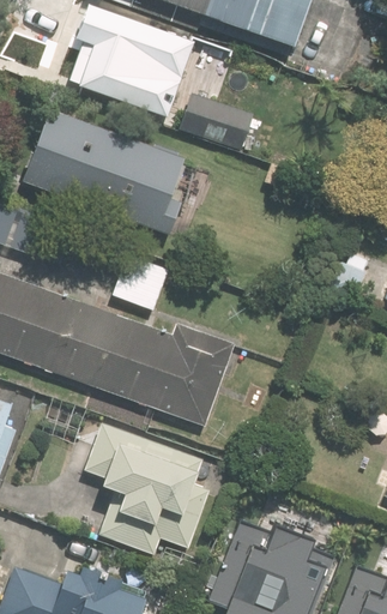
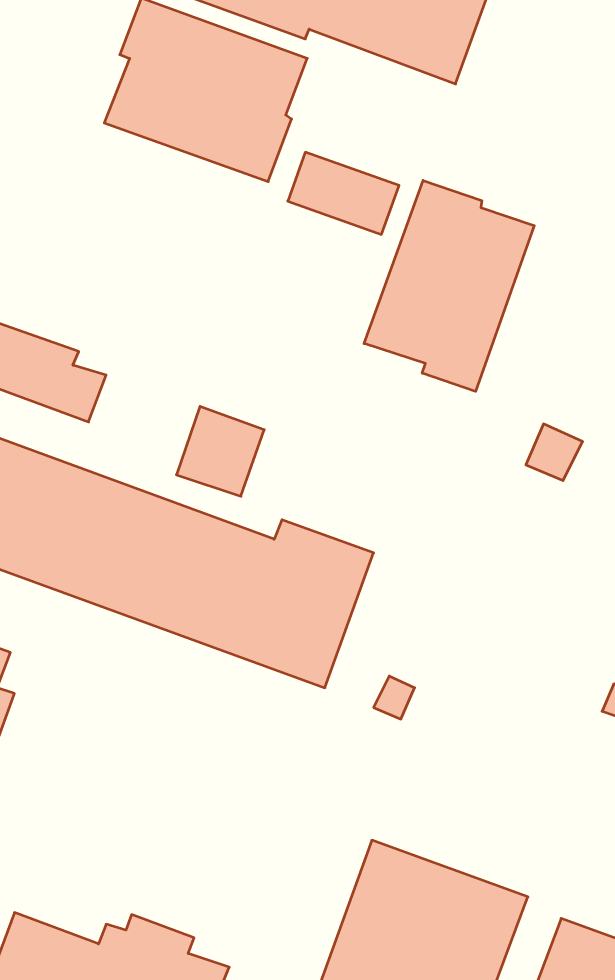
building: [23,108,188,233] -> none
building: none -> [364,180,534,391]
building: [86,421,210,554] -> none

